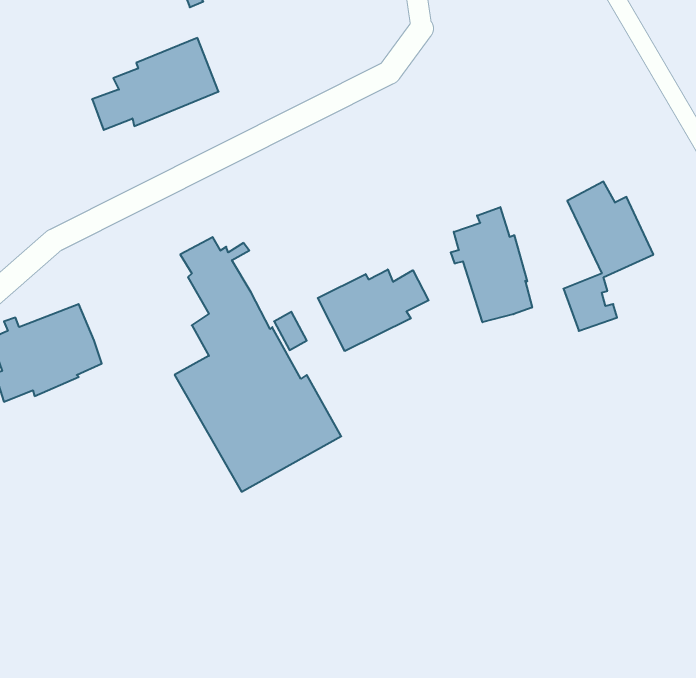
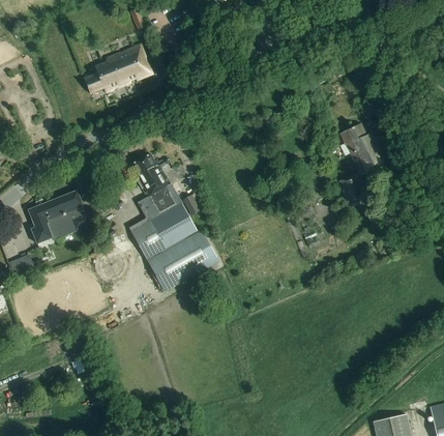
building: [451,207,532,322] -> none
building: [318,269,429,351] -> none

